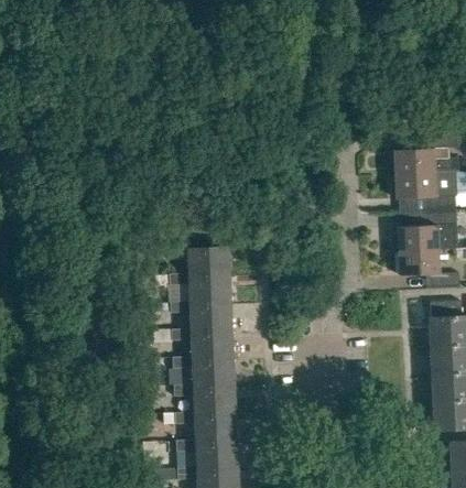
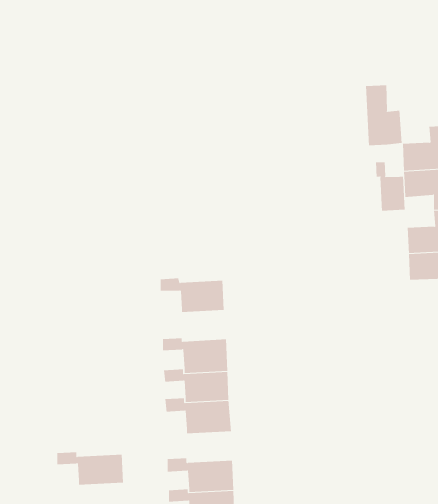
building: none -> [366,84,402,146]
building: none -> [375,161,405,212]
building: [169,246,229,278] -> none
building: [172,302,232,332] -> none
building: [176,412,238,443] -> [57,452,124,485]

